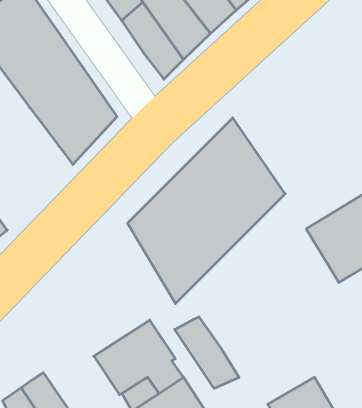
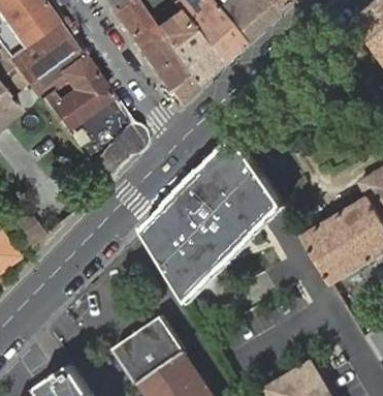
building: [175,317,239,388] -> none

